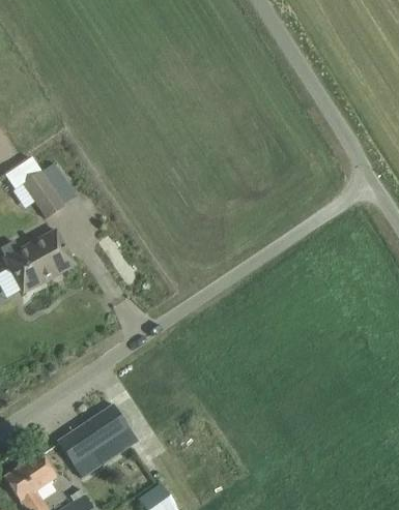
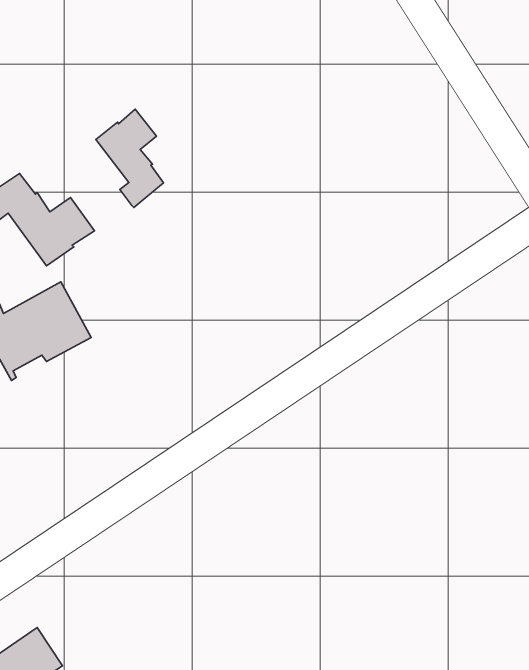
building: none -> [96,109,164,208]
building: [58,404,130,468] -> none

